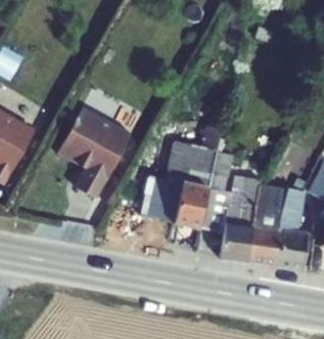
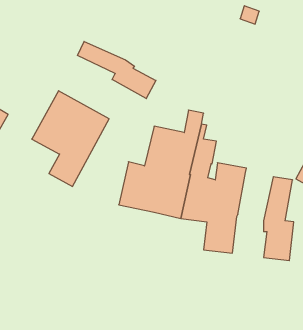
building: none -> [78,41,156,99]
building: [248,184,287,265] -> none

